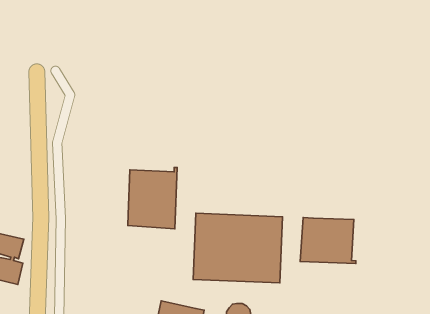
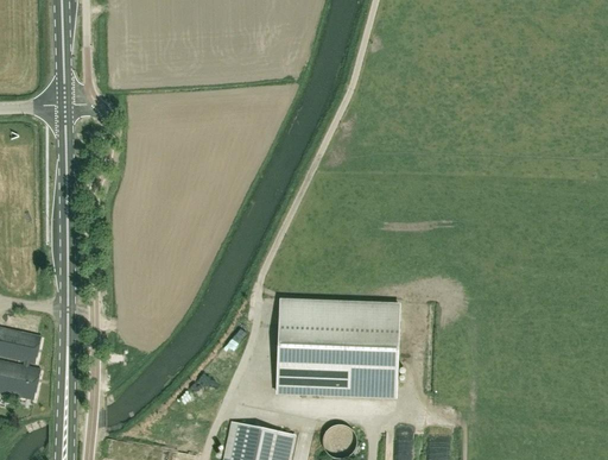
building: [128,167,177,229] -> none
building: [300,218,356,264] -> none

